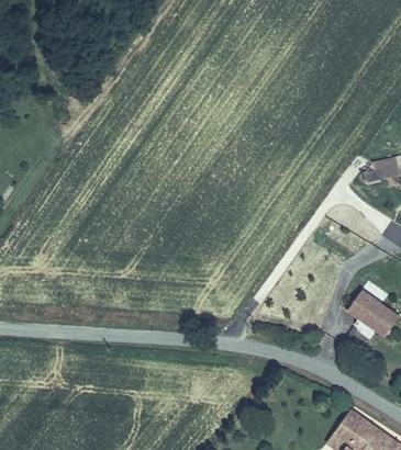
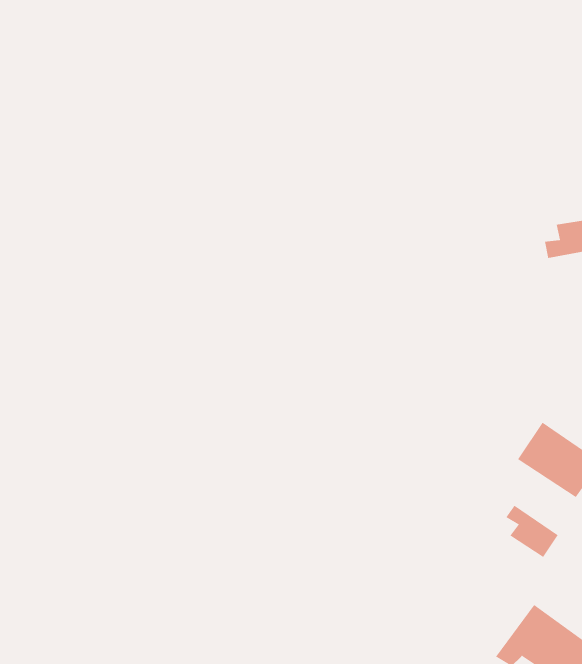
building: none -> [506,505,558,558]

